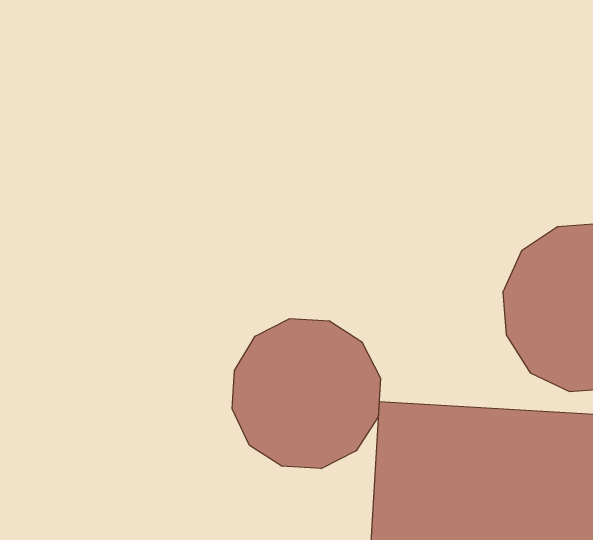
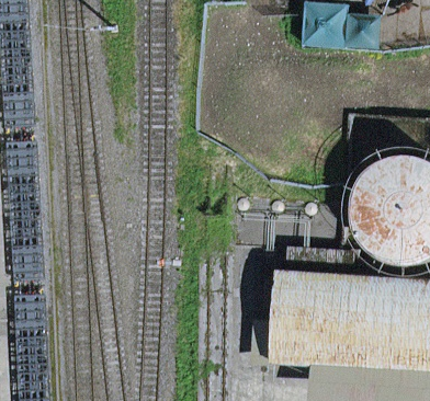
building: [232,319,381,469] -> none

